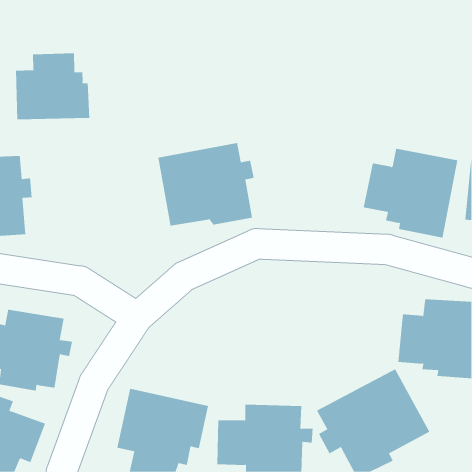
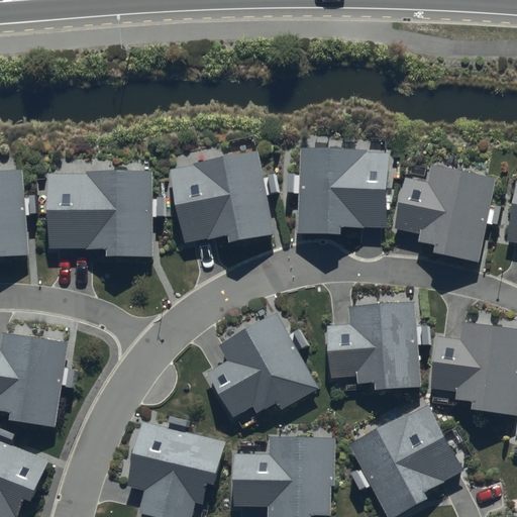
building: [15,52,90,120] -> none
building: none -> [291,144,389,238]
building: none -> [45,168,161,258]
building: none -> [325,300,427,392]
building: none -> [209,315,319,415]

